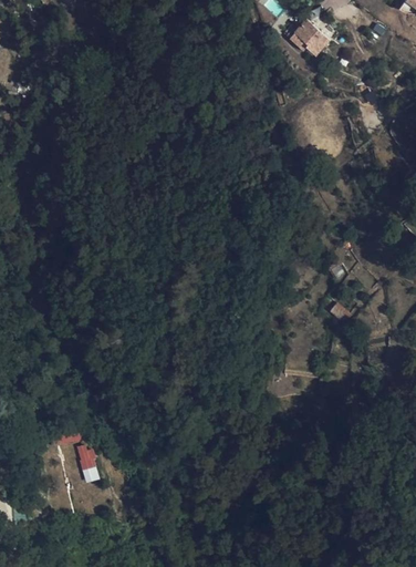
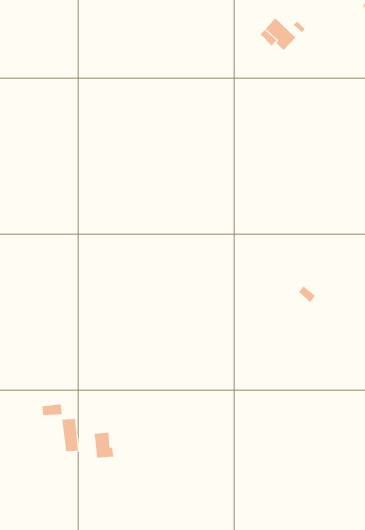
building: none -> [94,432,114,459]

